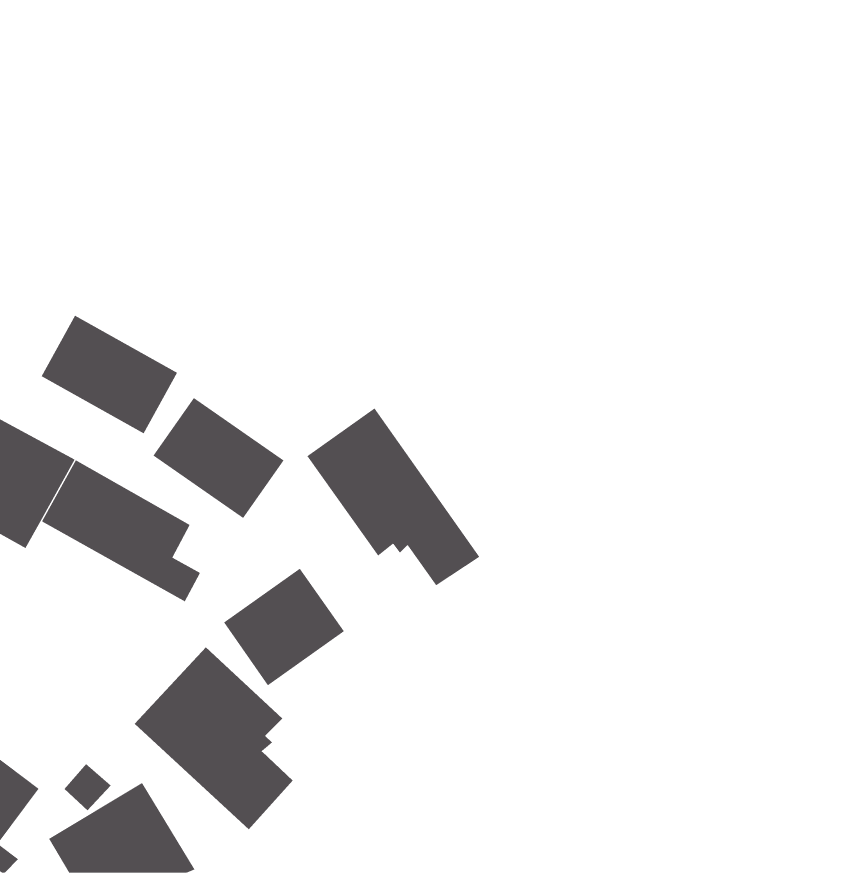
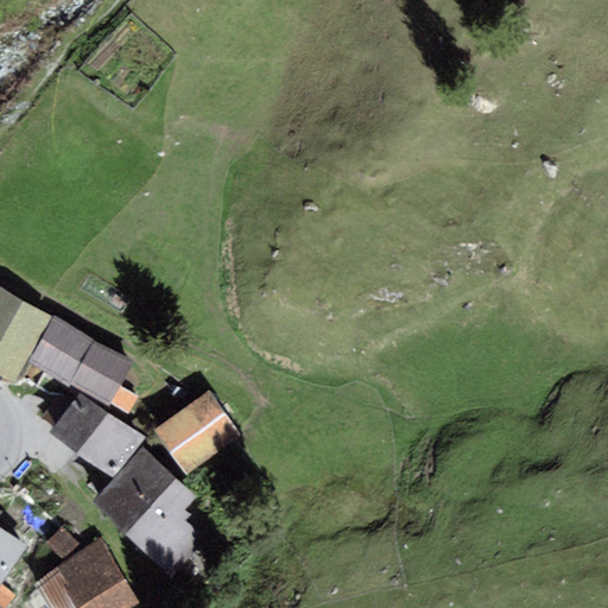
building: [41,315,178,434] -> none
building: [152,397,285,519] -> [51,393,142,477]
building: [307,408,480,586] -> none

